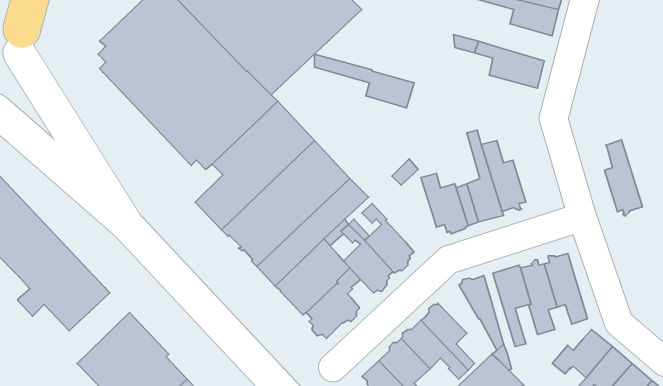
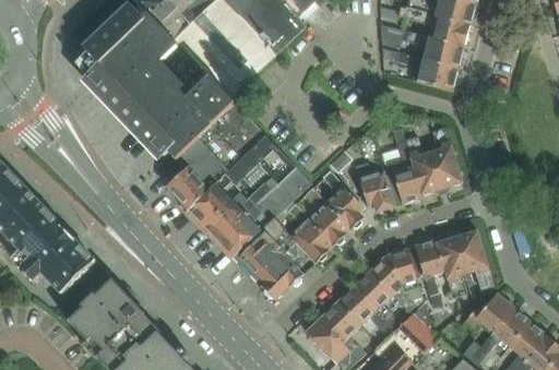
building: [315,54,414,108] -> [380,24,463,69]
building: [604,140,643,216] -> [430,127,462,190]
building: none -> [322,171,364,229]
building: none -> [368,255,415,312]

